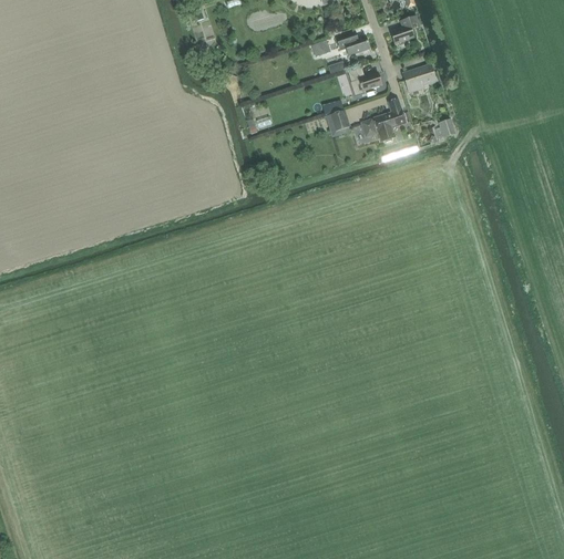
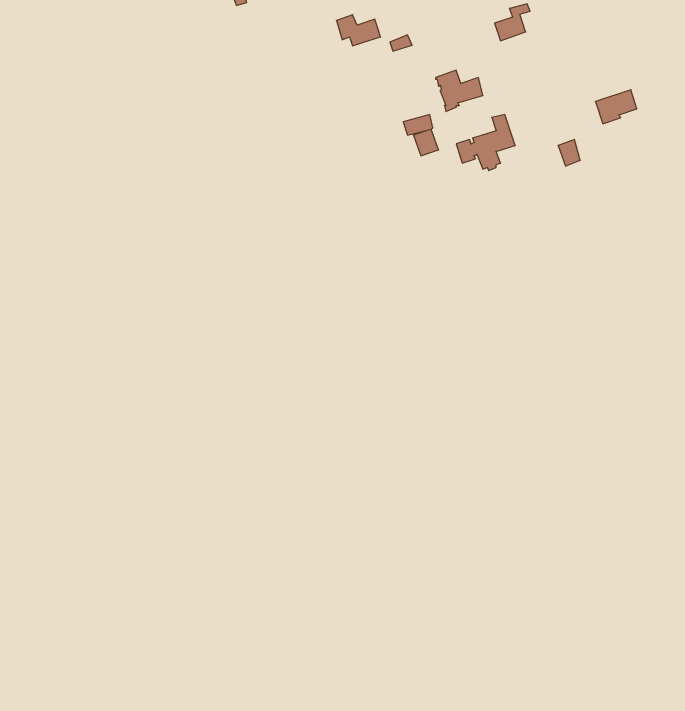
building: [336,32,369,55] -> [336,15,381,46]
building: [403,65,434,91] -> [595,90,637,124]

